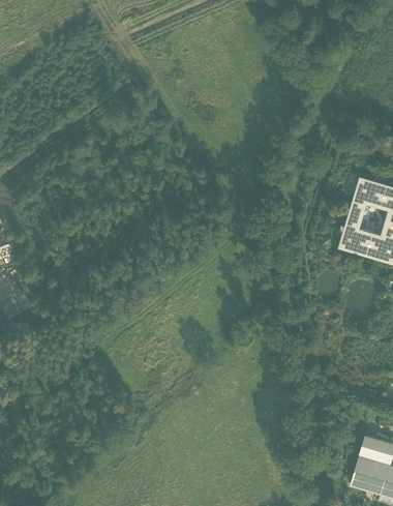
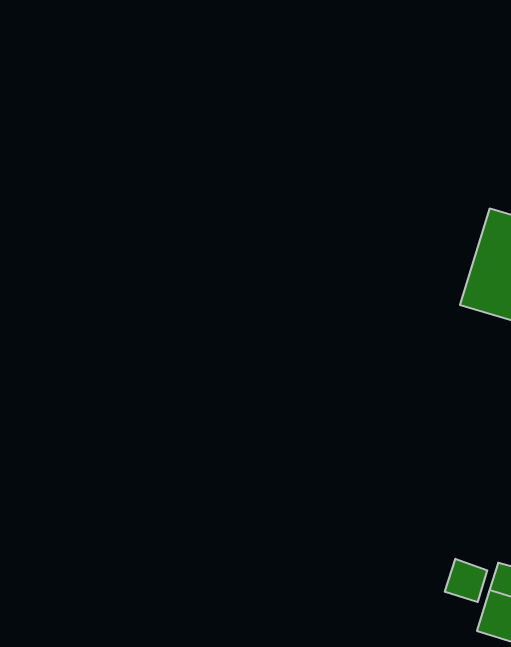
building: none -> [445,559,487,602]

